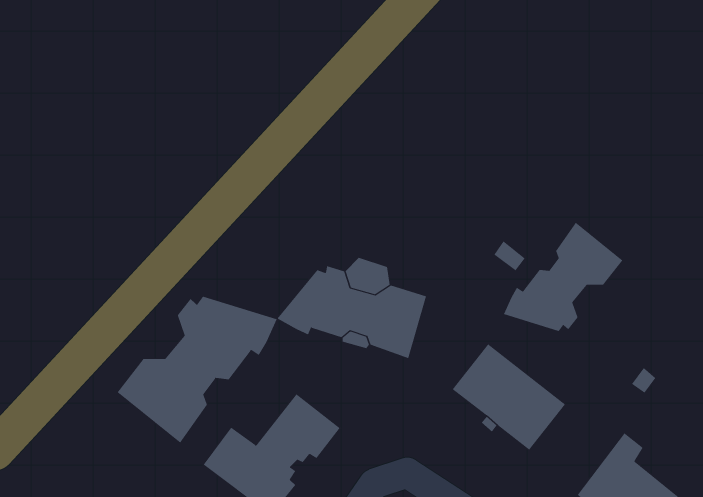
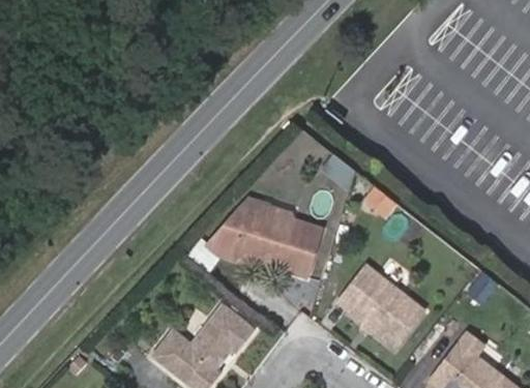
building: [503,222,623,332] -> none
building: [117,296,277,444] -> none

